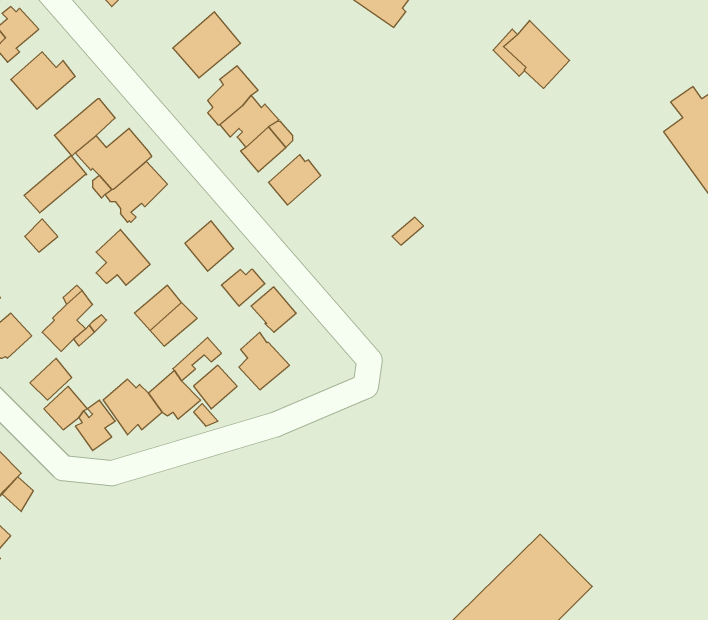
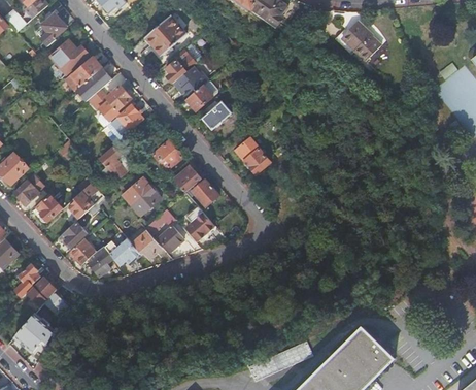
building: [24,155,87,213] -> [65,57,102,91]
building: none -> [235,138,270,174]

